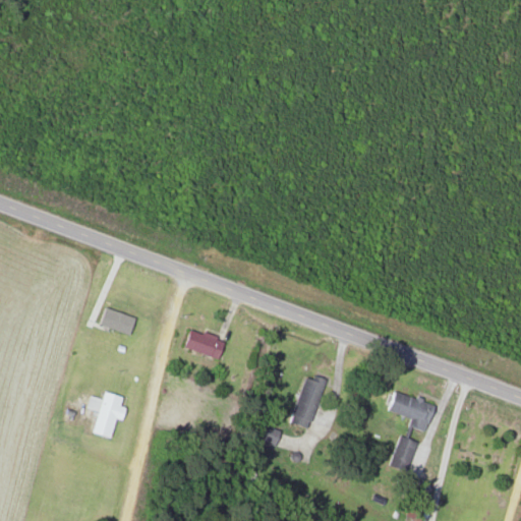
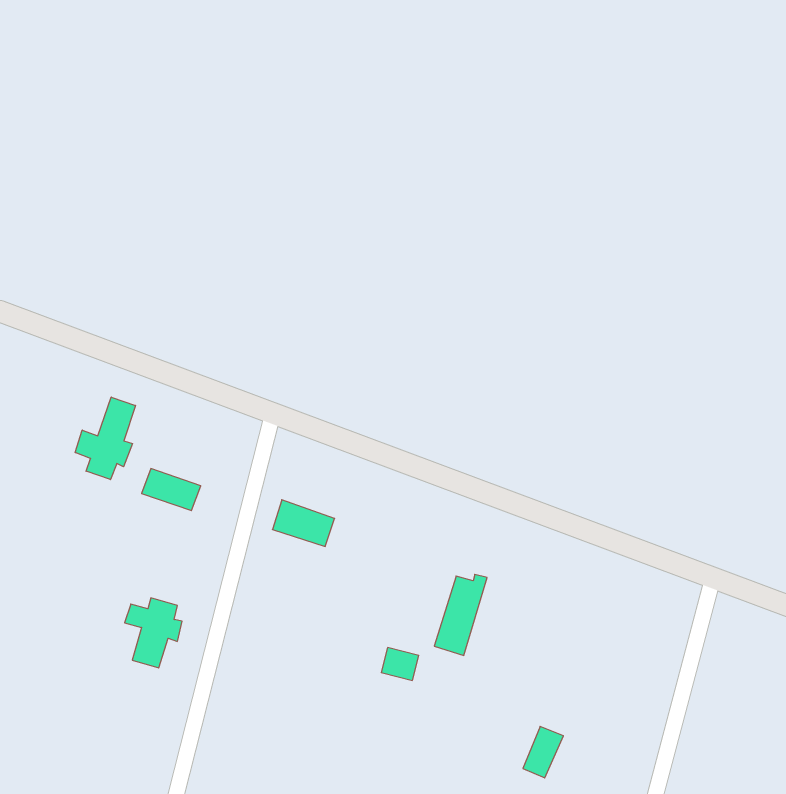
building: none -> [75,397,135,480]
building: [387,390,435,431] -> none
building: [393,437,419,470] -> [523,726,563,778]

